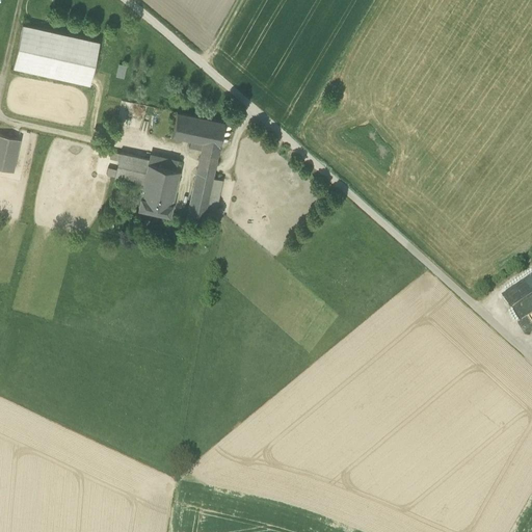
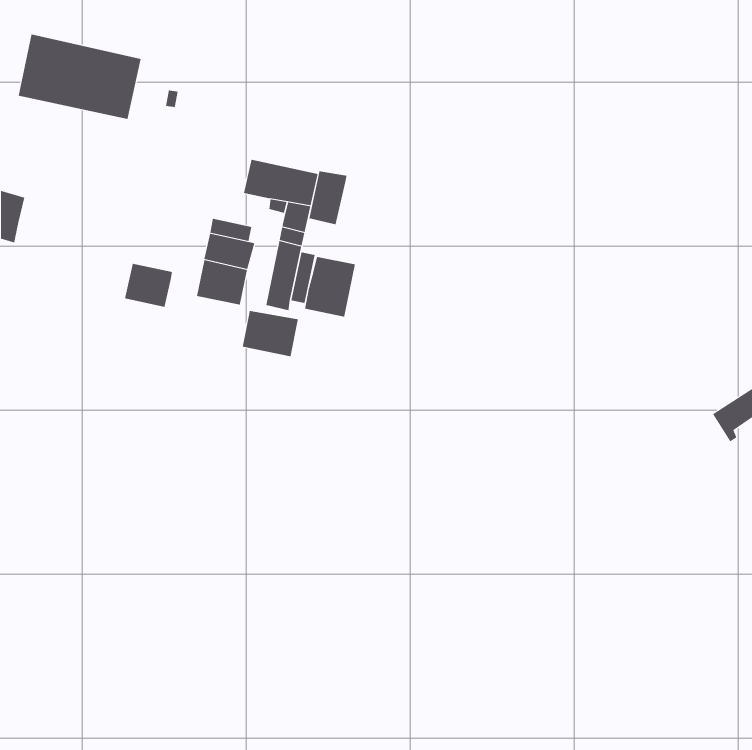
building: none -> [309,171,347,225]
building: [115,155,150,186] -> [124,263,173,307]
building: none -> [304,256,355,317]
building: none -> [242,310,299,357]

